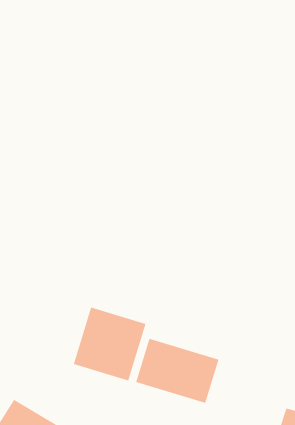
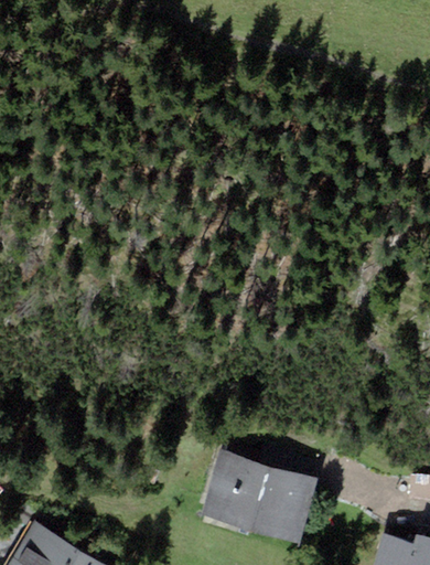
building: [73,307,147,381] -> none

